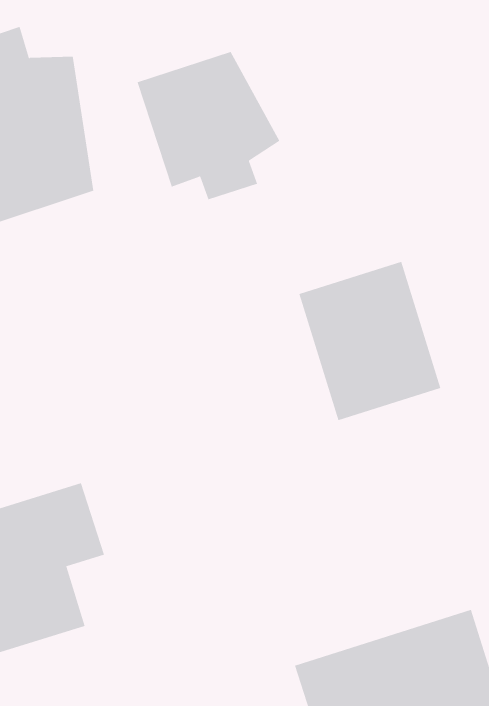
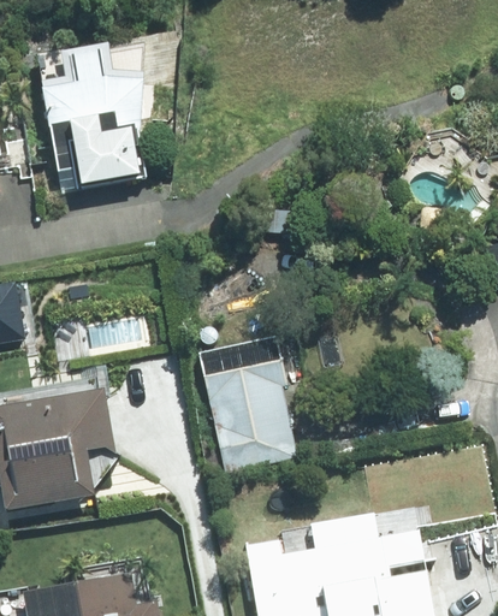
building: [137,51,280,200] -> none
building: [298,261,441,421] -> [203,357,298,468]

